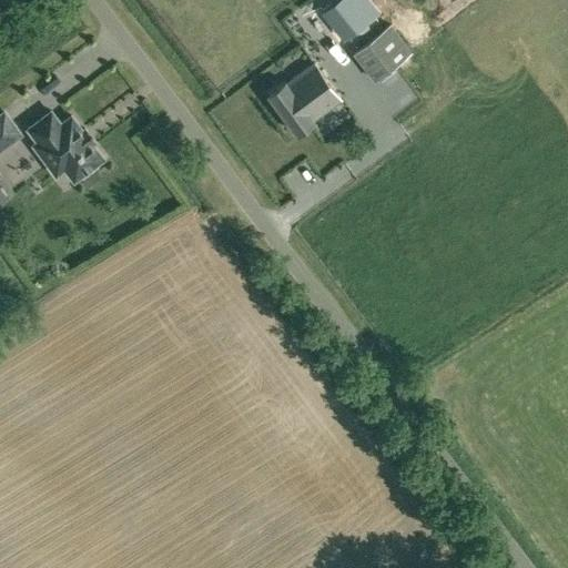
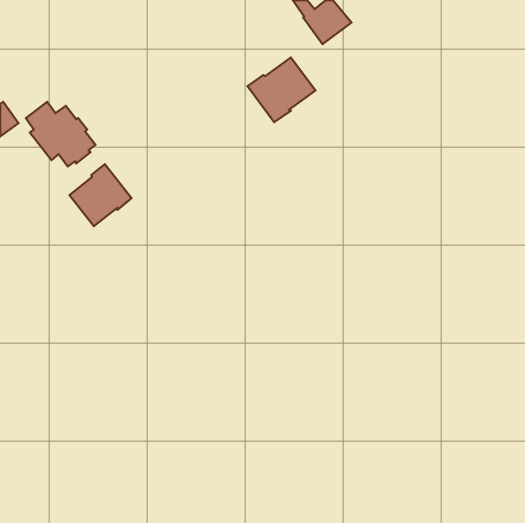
building: [354,27,410,82] -> none
building: none -> [70,164,131,226]

